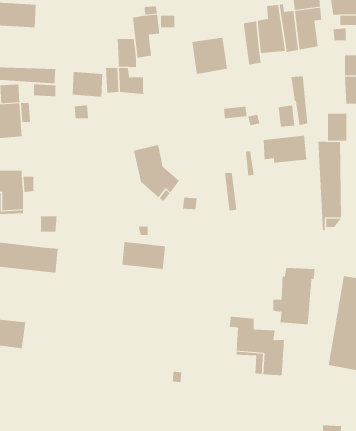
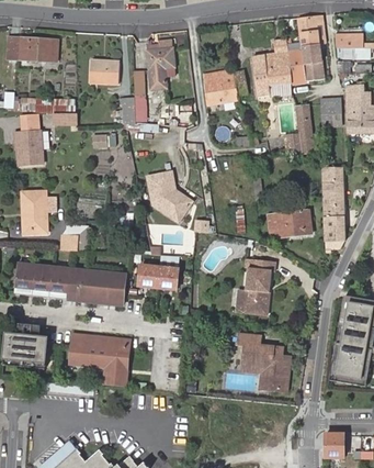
building: [72,71,103,97] -> [89,59,118,83]
building: [327,113,347,141] -> [321,98,340,124]
building: [263,135,307,163] -> [269,210,310,236]
building: none -> [75,268,126,304]
building: [273,268,316,325] -> [236,257,276,311]
building: none -> [69,333,128,385]

